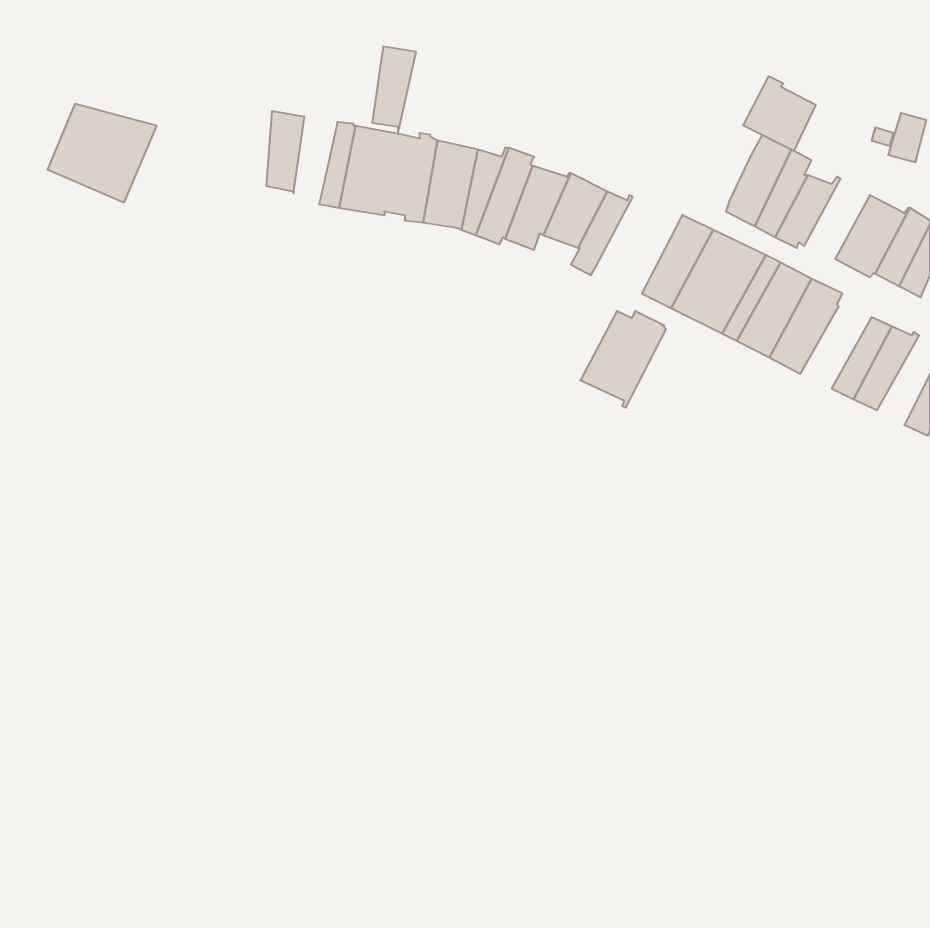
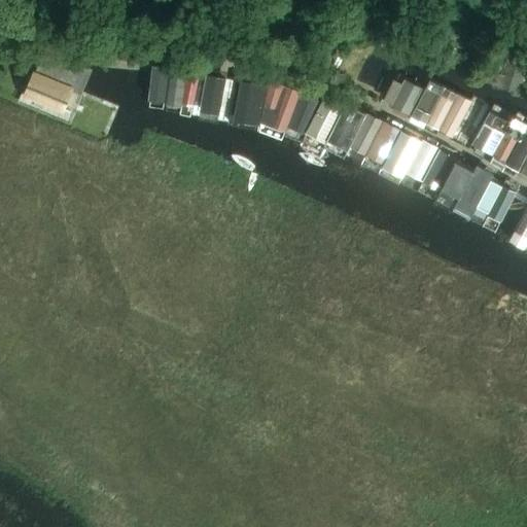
building: [372,46,416,134] -> [166,66,190,115]
building: [743,76,816,151] -> [383,71,424,113]
building: none -> [452,173,492,219]
building: [580,311,666,408] -> [337,111,385,166]

